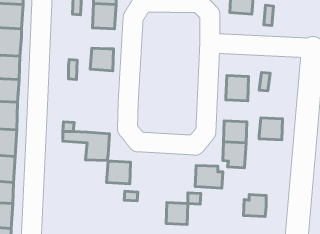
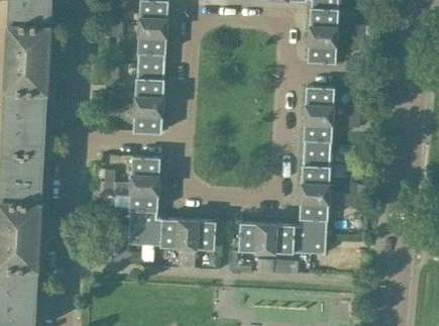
building: none -> [308,34,336,64]
building: none -> [136,53,164,80]
building: none -> [305,87,334,114]
building: none -> [133,105,162,134]
building: none -> [130,157,159,186]
building: [259,118,283,140] -> [302,143,331,171]
building: none -> [127,218,156,246]
building: none -> [184,221,215,249]
building: [243,195,266,216] -> [299,227,327,254]
building: [166,203,188,224] -> [239,224,266,251]

